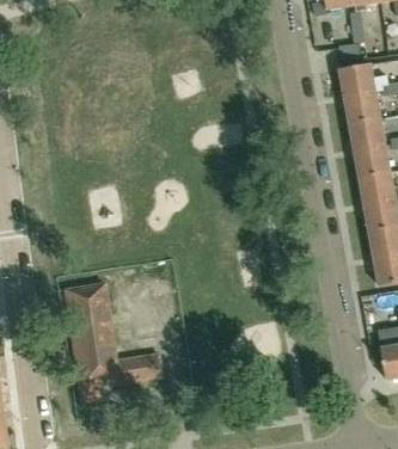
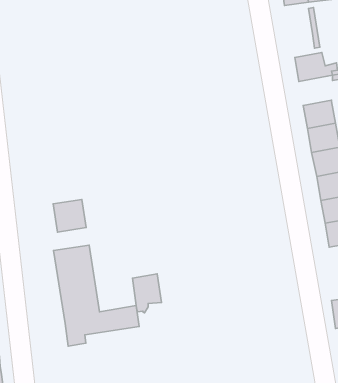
building: [344,90,381,123] -> none
building: none -> [53,199,86,232]
building: none -> [132,274,162,313]

